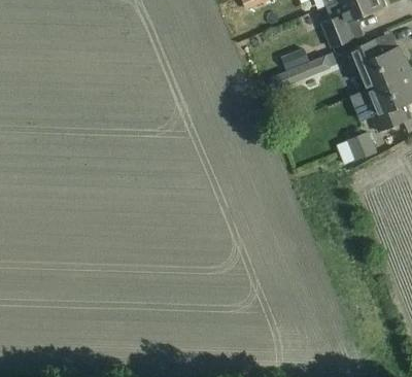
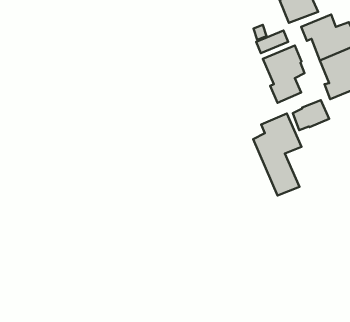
building: none -> [263,45,305,103]
building: none -> [253,113,302,196]

